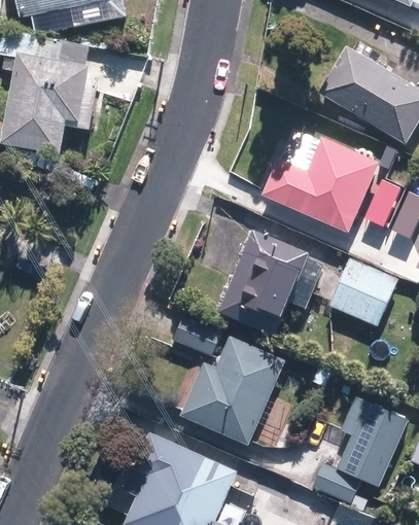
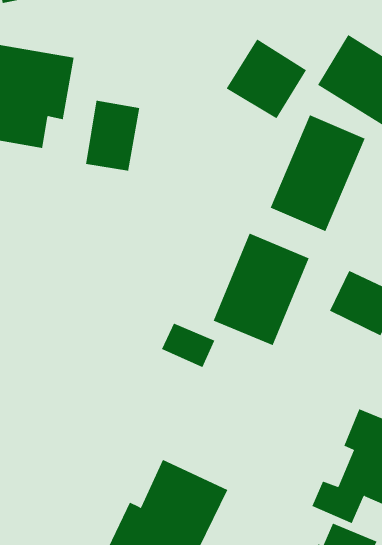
building: none -> [226,39,307,119]
building: none -> [85,100,140,171]
building: [179,337,286,445] -> none

